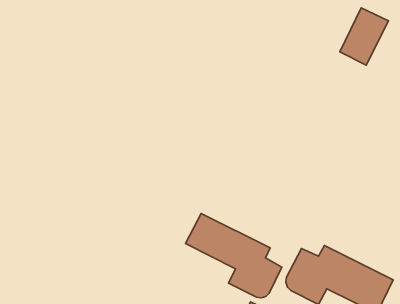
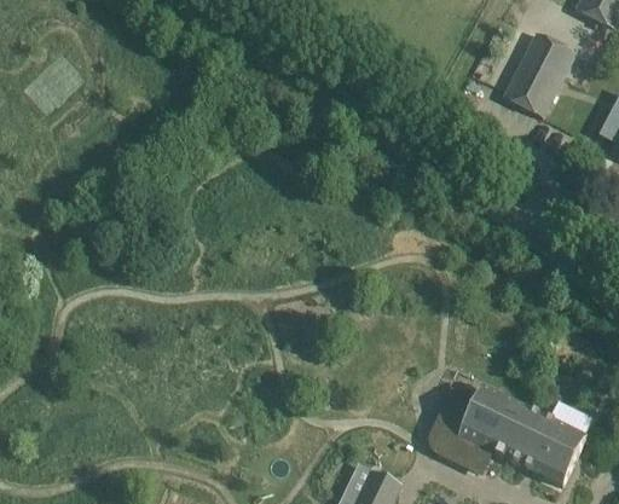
building: [186,213,282,298] -> none

